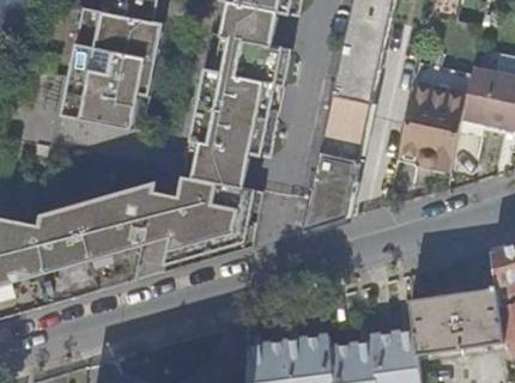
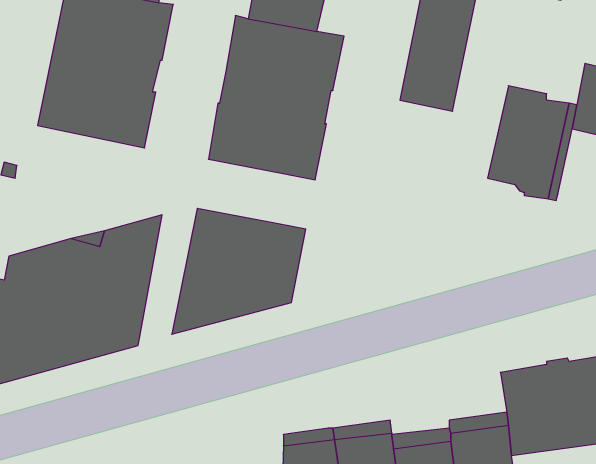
building: [302,95,372,230] -> none
building: [181,139,250,188] -> none

